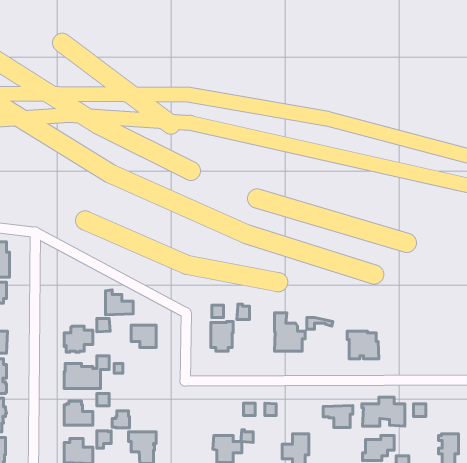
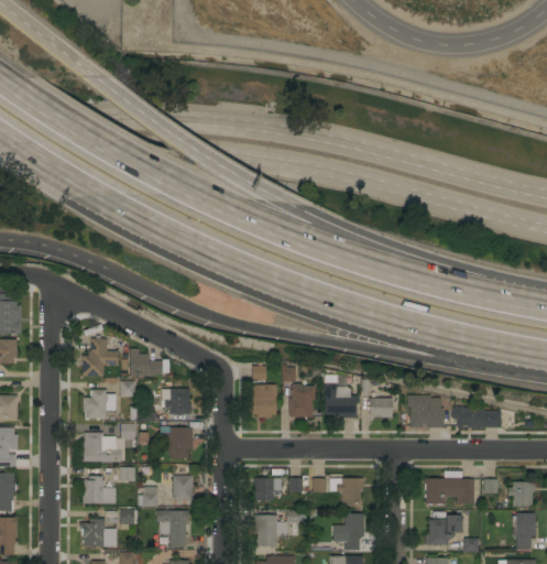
building: none -> [81,338,118,377]
building: none -> [288,383,315,417]
building: none -> [368,398,392,417]
building: none -> [452,408,501,427]
building: none -> [153,426,192,458]
building: none -> [173,476,193,500]
building: none -> [253,478,281,501]
building: [323,405,353,427] -> [329,478,363,503]
building: none -> [507,482,535,507]

